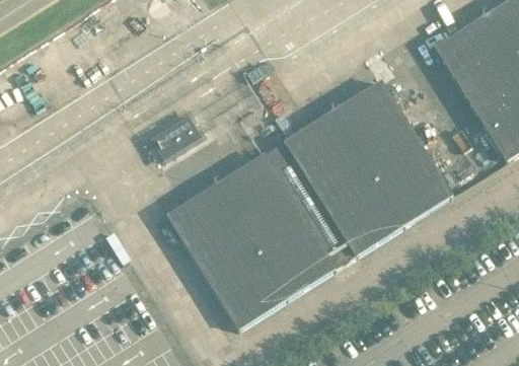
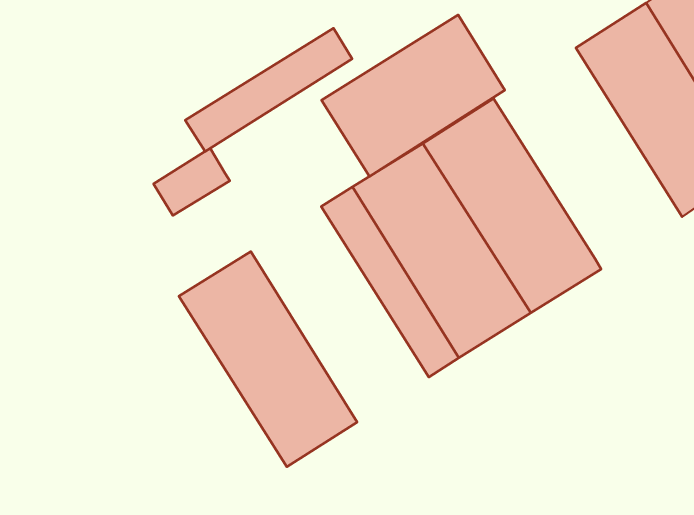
building: none -> [322,15,505,176]
building: none -> [185,28,352,151]
building: [216,153,337,299] -> none

